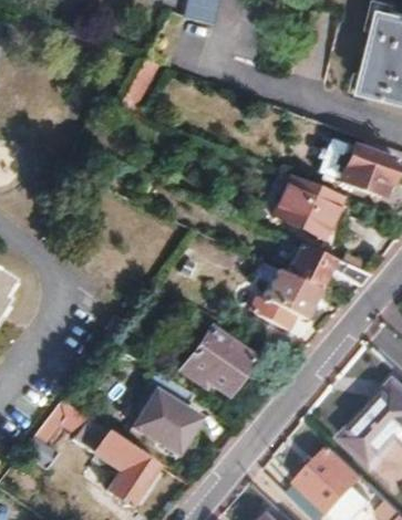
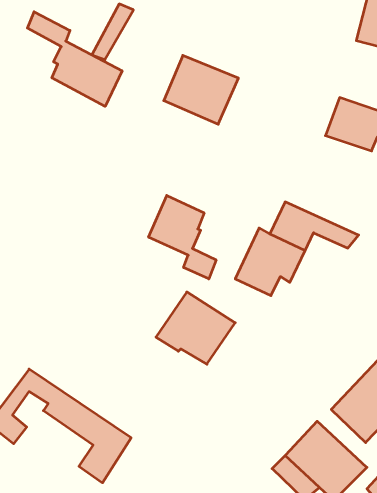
building: none -> [27,12,122,106]
building: [271,175,341,239] -> [164,55,238,124]
building: none -> [149,195,216,279]
building: [132,370,198,454] -> none

